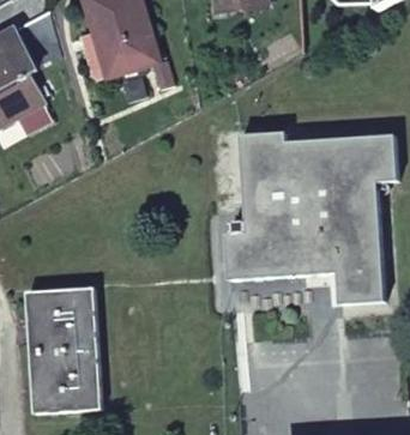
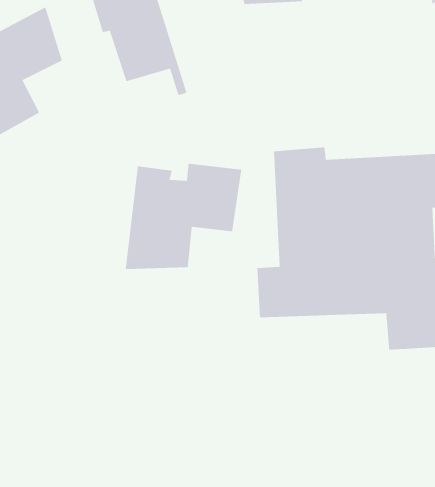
building: none -> [125,163,242,270]
building: [25,288,101,415] -> none

